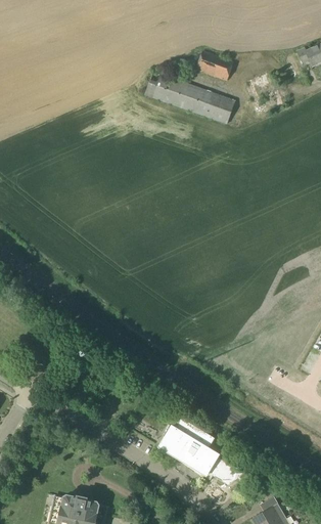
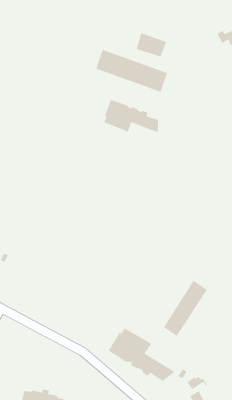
building: none -> [104,99,159,133]
building: none -> [163,280,207,337]

